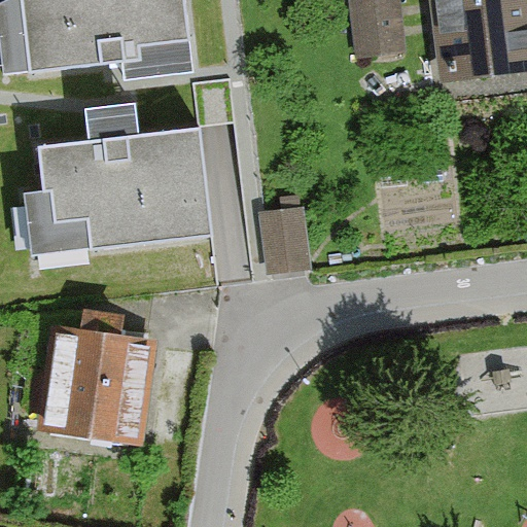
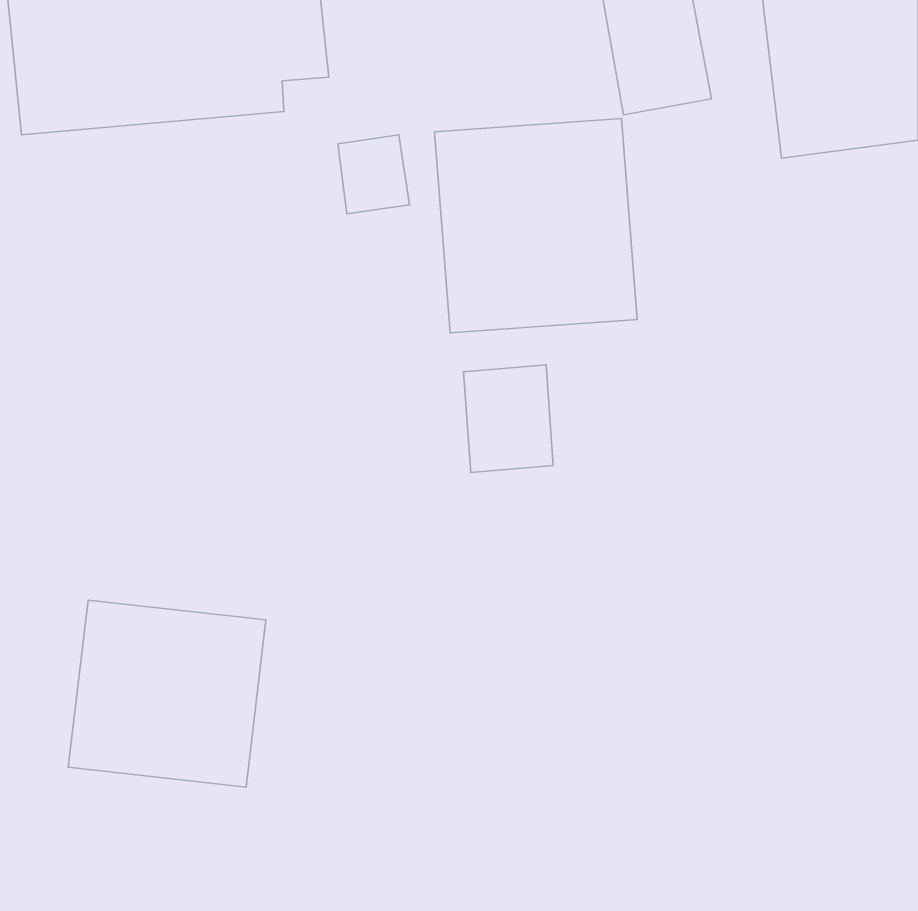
building: none -> [435,118,637,333]
building: [26,103,207,249] -> none

